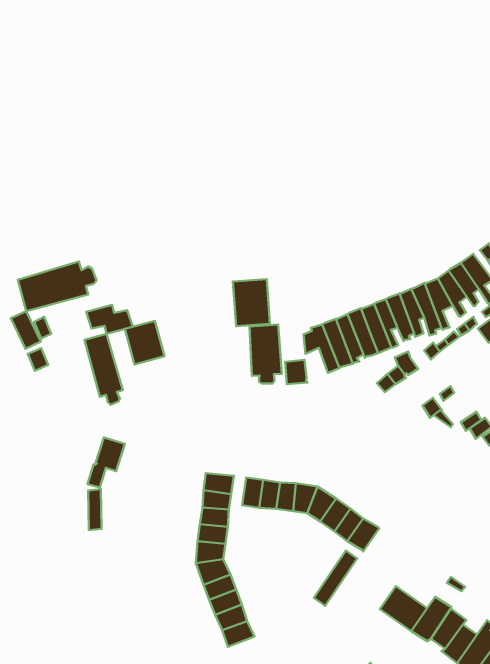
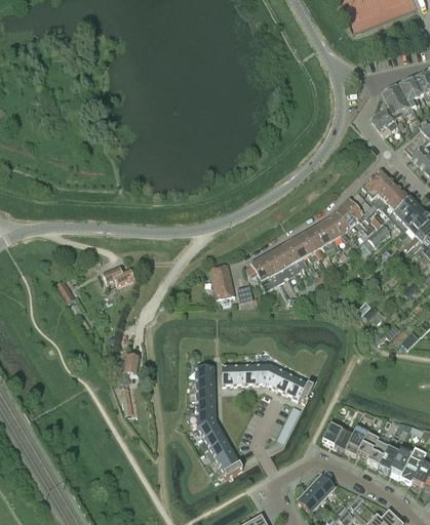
building: [18,261,97,311] -> none
building: [233,279,270,326] -> none
building: [125,321,164,364] -> none
building: [85,334,123,405] -> none

